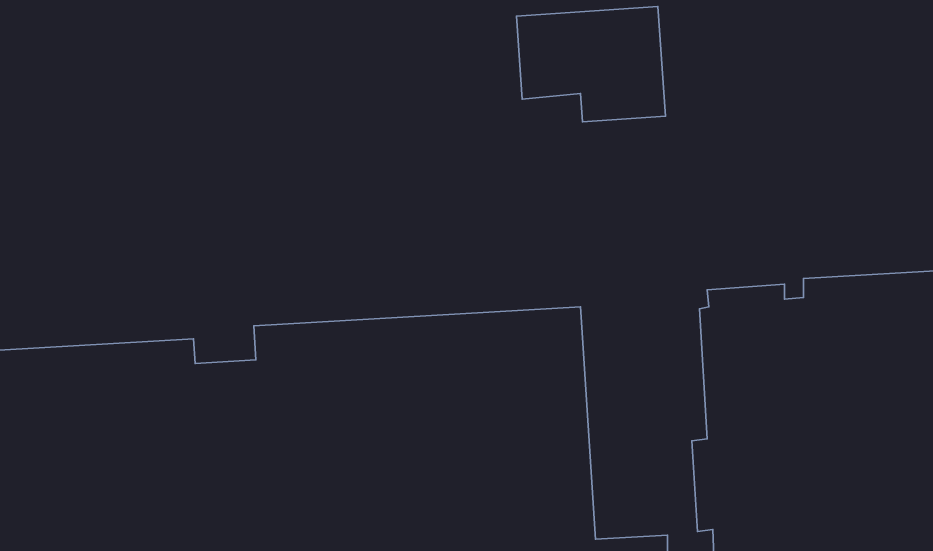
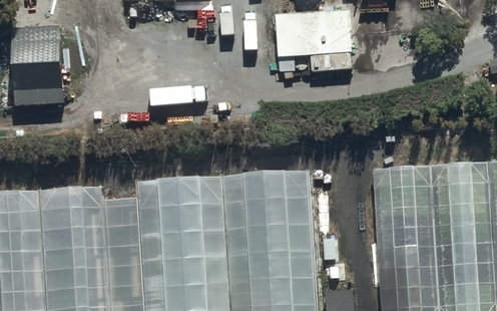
building: none -> [9,27,63,124]

